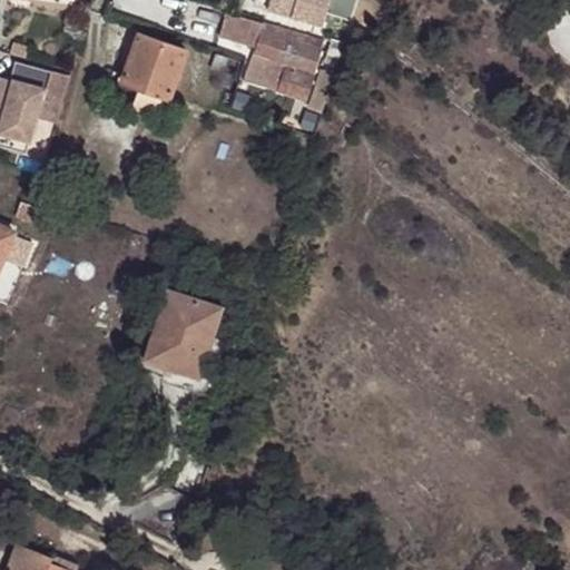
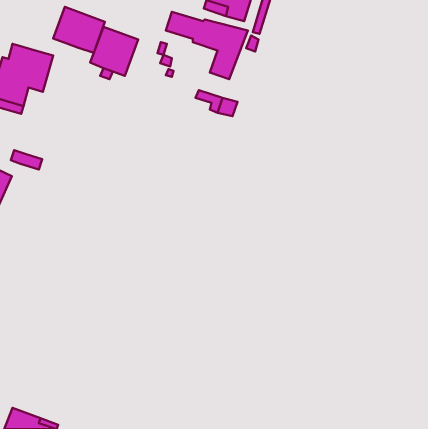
building: none -> [53,7,105,53]
building: [246,56,287,96] -> none
building: [140,286,222,379] -> none

